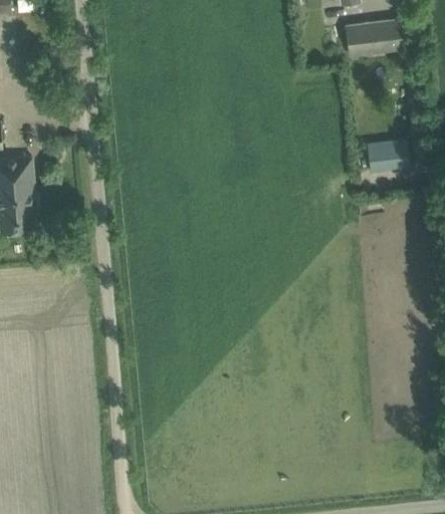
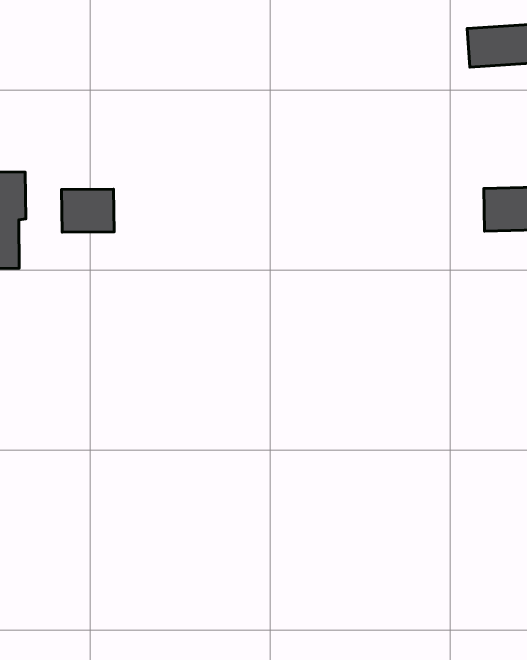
building: none -> [62,189,114,232]

